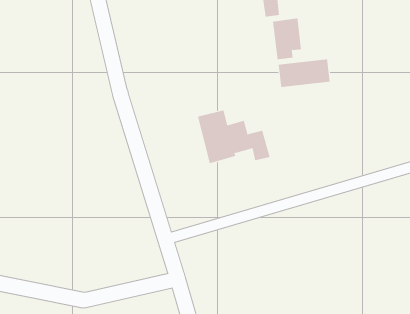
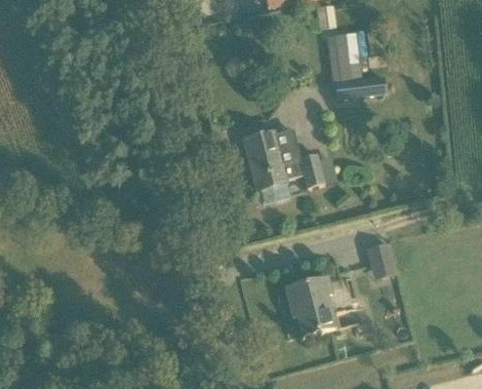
building: none -> [365,240,398,278]
building: none -> [287,277,336,336]

